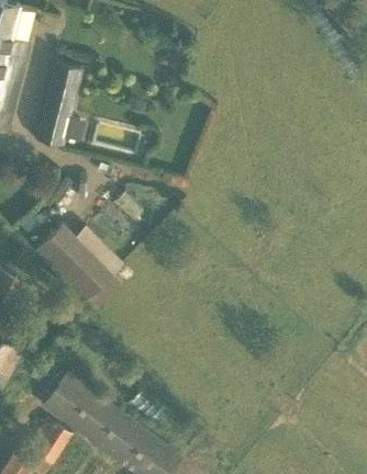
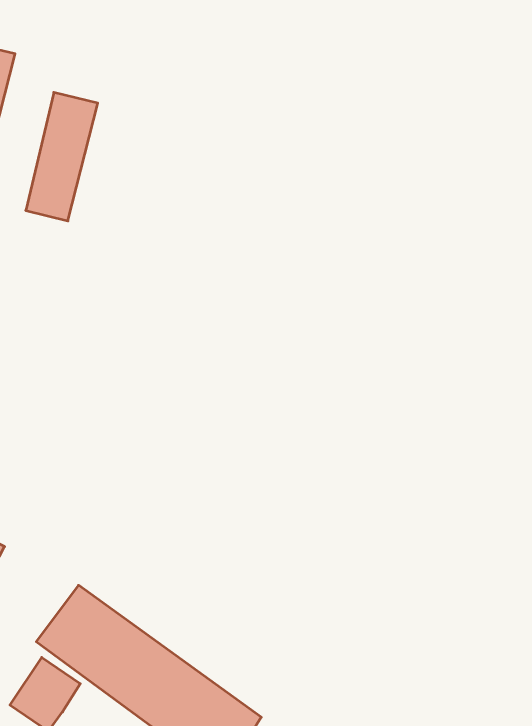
building: [32,223,122,311] -> none

